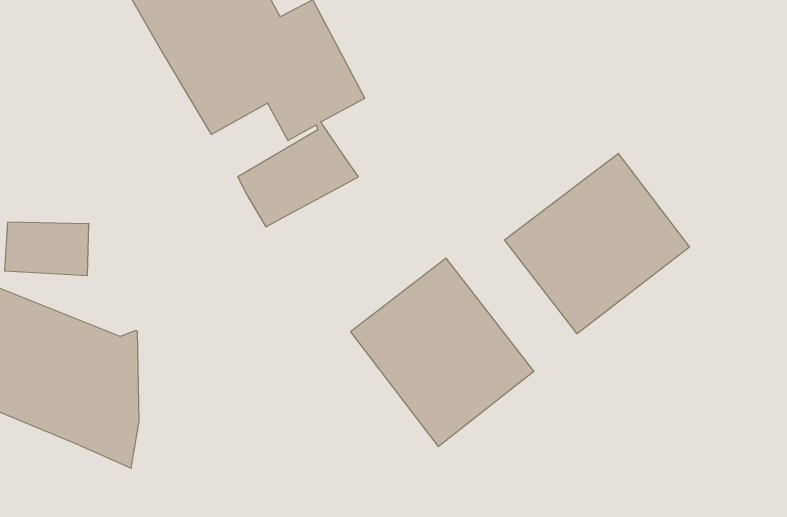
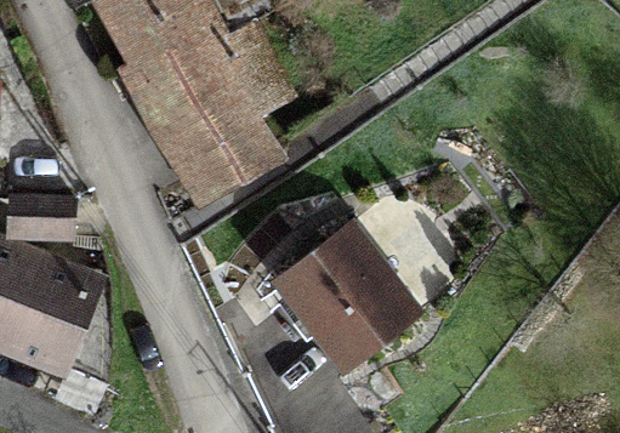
building: [505,153,689,334] -> none

